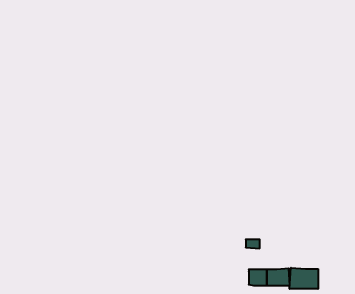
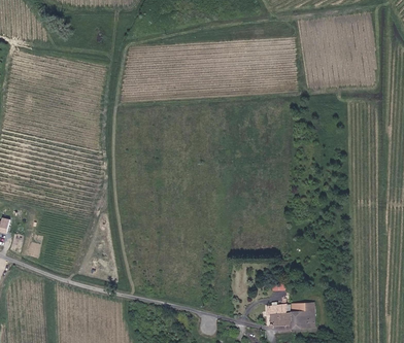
building: [290,268,318,289] -> none

